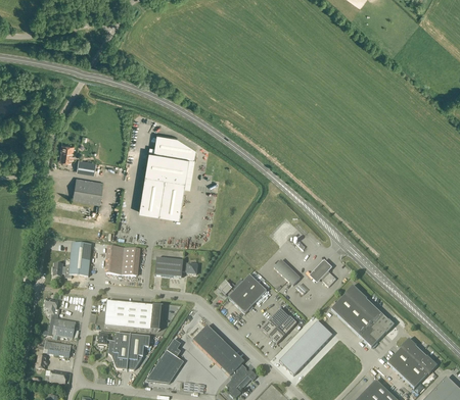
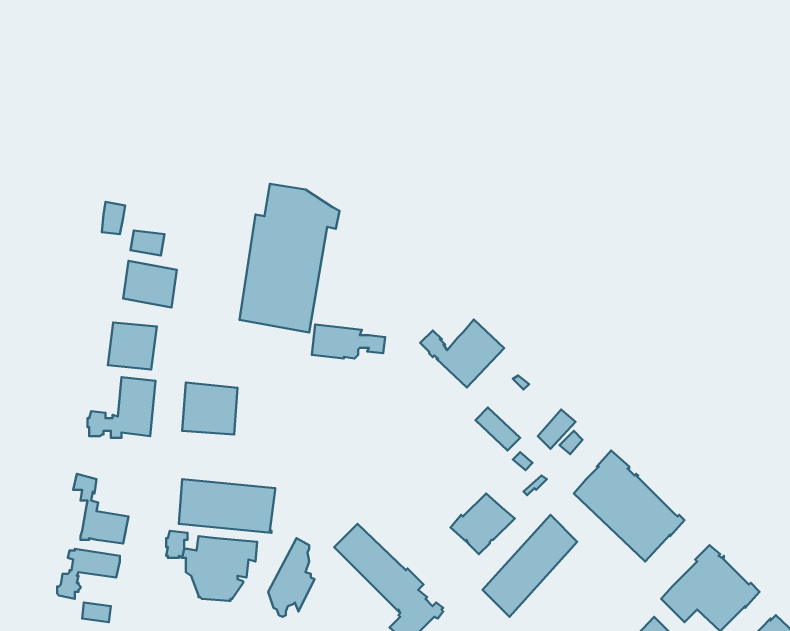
building: none -> [108,322,157,369]
building: [154,257,196,277] -> [312,325,385,358]
building: [218,273,266,312] -> [420,320,504,388]

